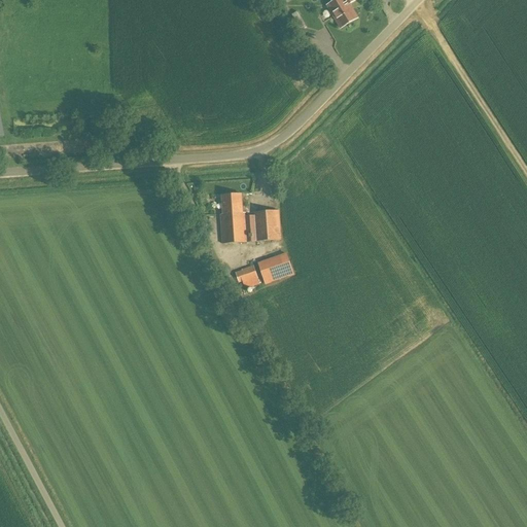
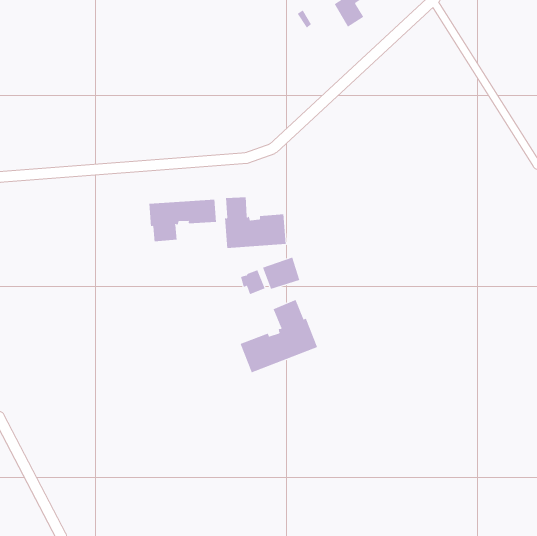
building: none -> [149,199,216,242]
building: none -> [240,299,318,373]

